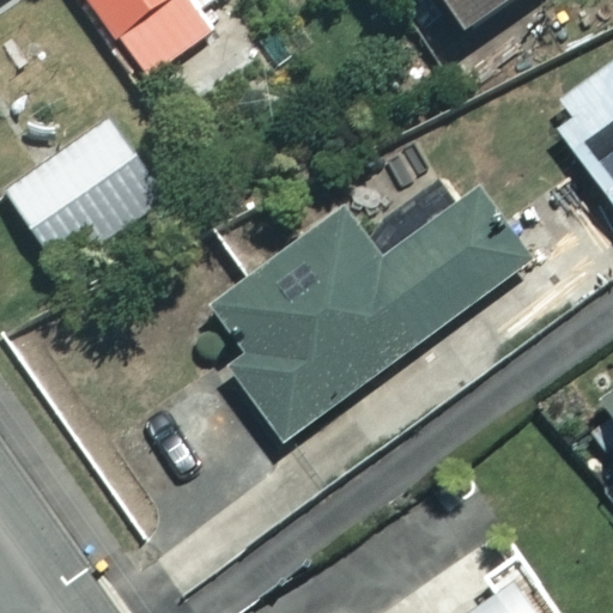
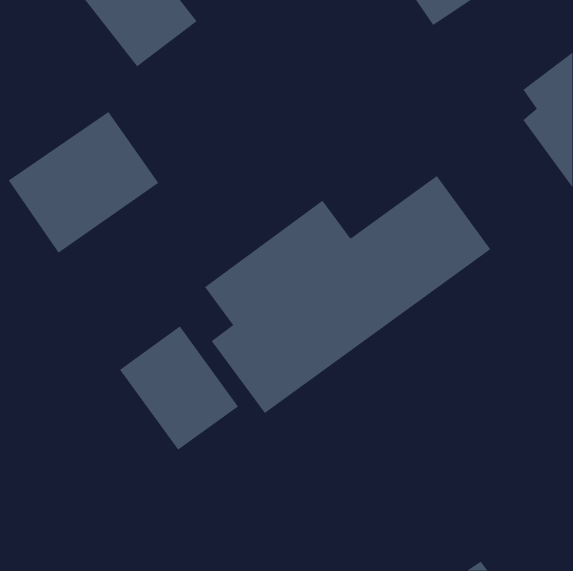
building: none -> [119,325,239,450]

